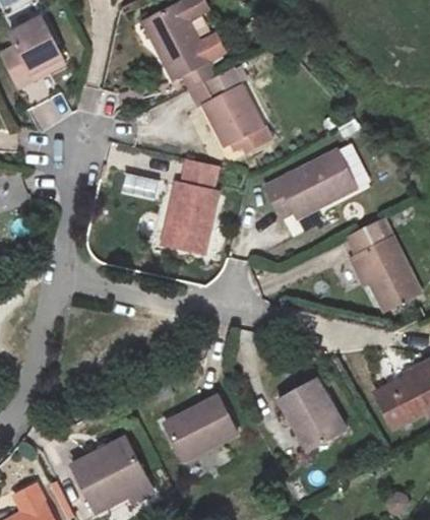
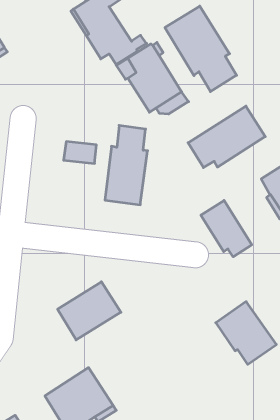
building: none -> [165,6,237,92]
building: none -> [201,200,252,257]
building: [165,395,238,460] -> [58,282,121,340]

